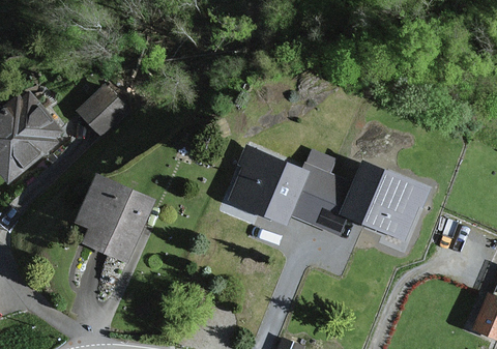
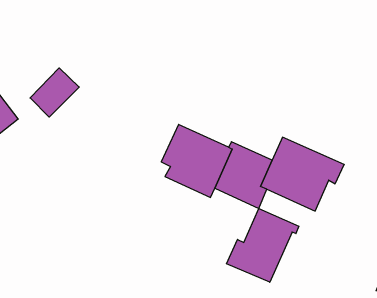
building: [78,175,153,261] -> none
building: none -> [226,208,299,282]

